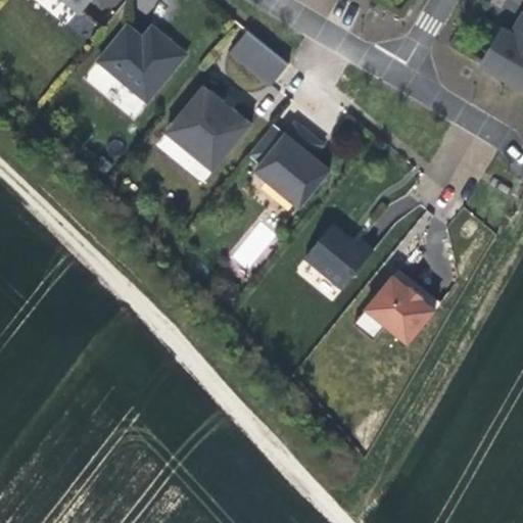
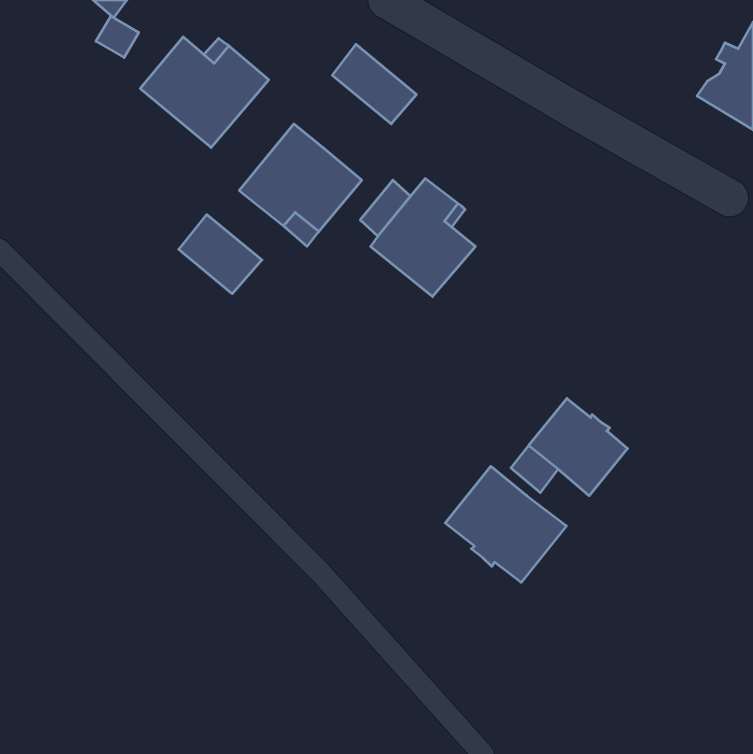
building: none -> [179,215,262,294]
building: [303,225,372,289] -> none
building: none -> [445,466,566,582]

